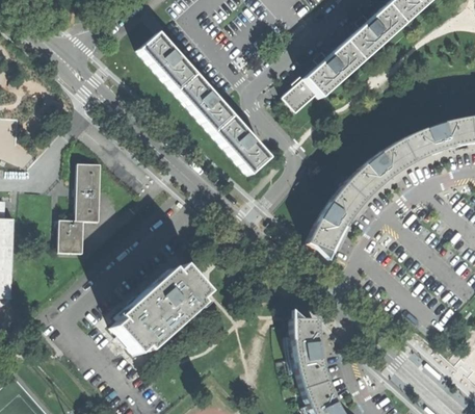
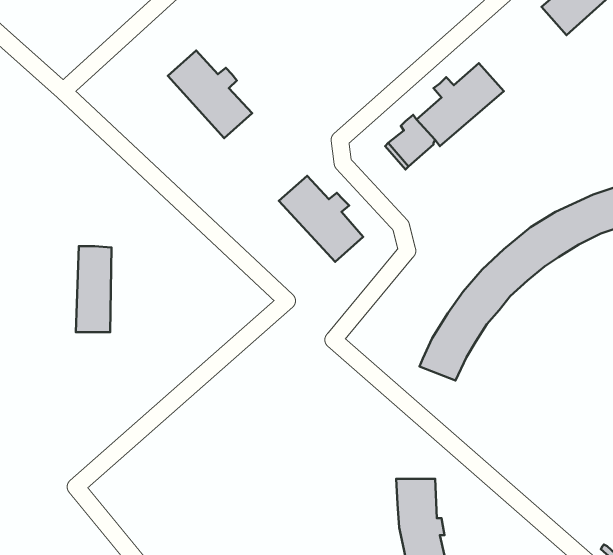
building: [345,5,403,61] -> none
building: [176,76,231,134] -> none
building: [59,221,84,254] -> none
building: [111,265,206,356] -> none

